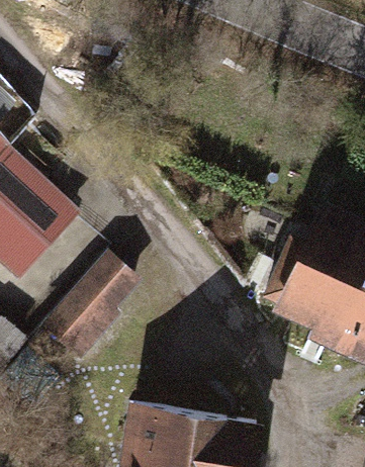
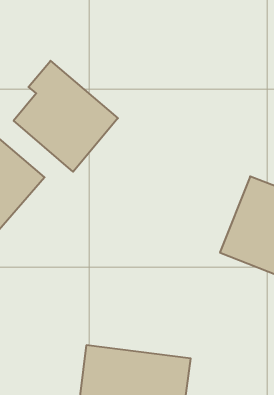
building: none -> [14,61,118,172]
building: [38,254,145,362] -> none

